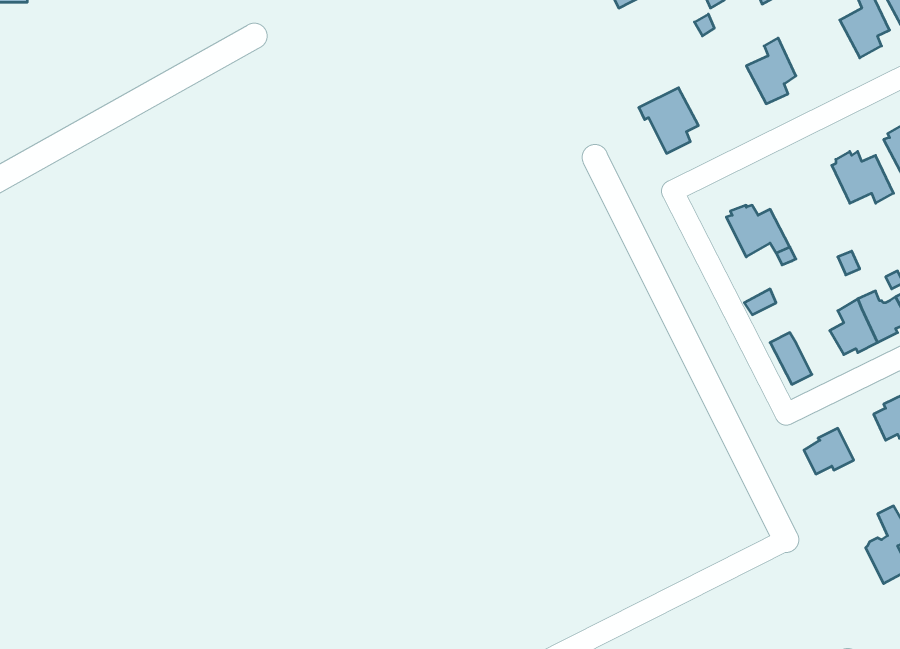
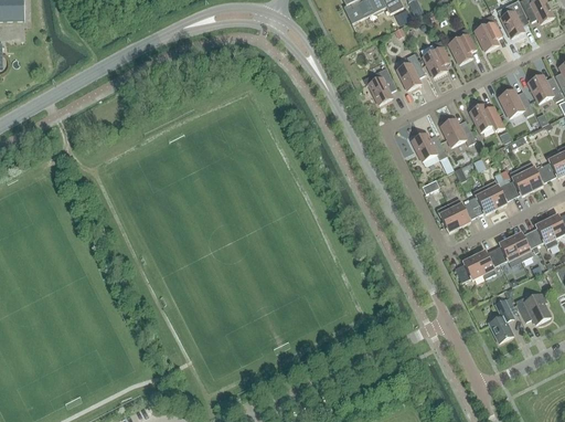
building: none -> [447,28,476,64]
building: none -> [396,53,424,89]
building: none -> [439,117,475,146]
building: none -> [446,198,476,226]
building: none -> [472,249,499,278]

